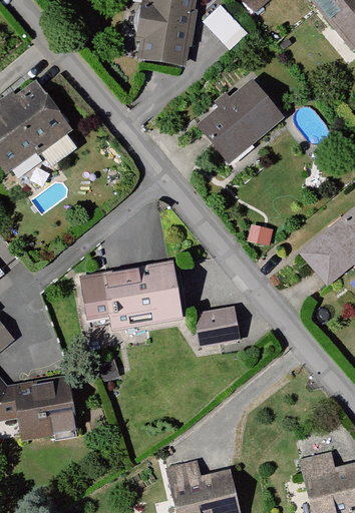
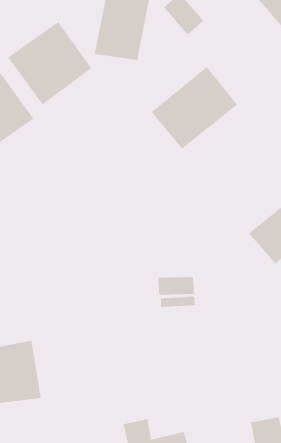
building: none -> [7,21,92,105]
building: [80,263,183,330] -> none

